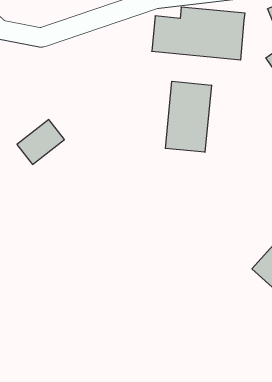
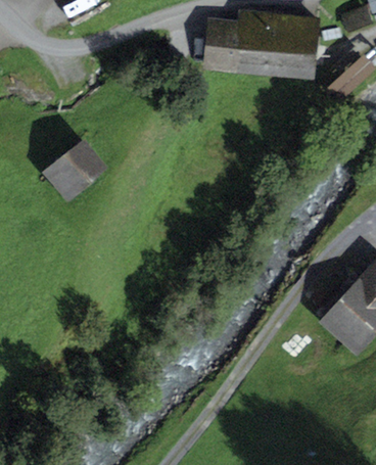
building: [165,81,211,152] -> none

